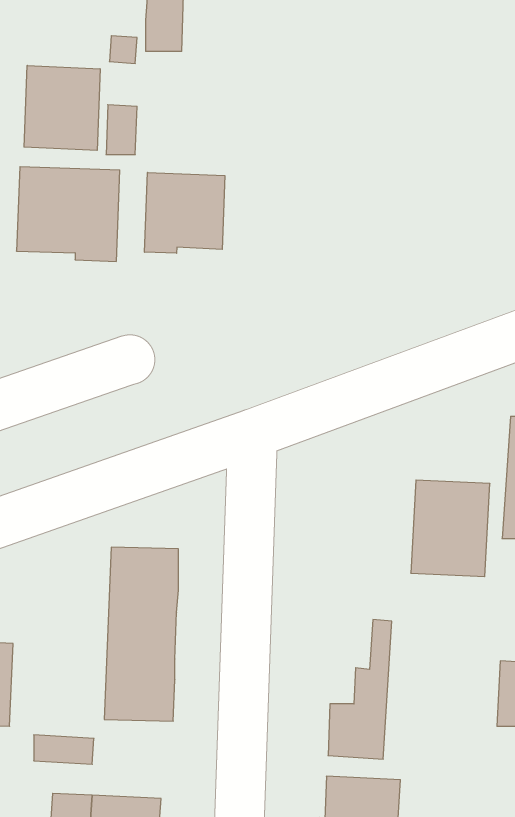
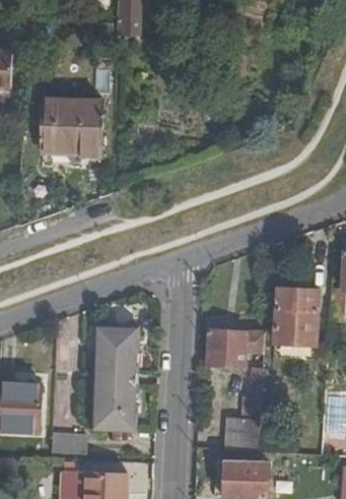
building: [24,65,100,150] -> none
building: [145,172,225,253] -> none
building: none -> [205,329,265,367]

